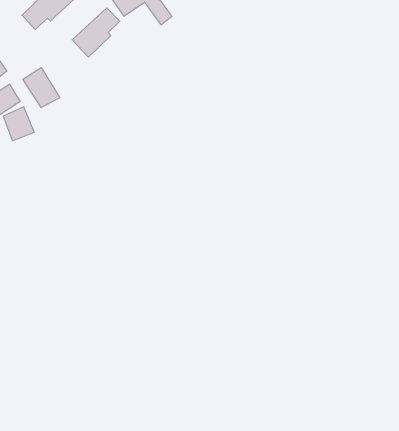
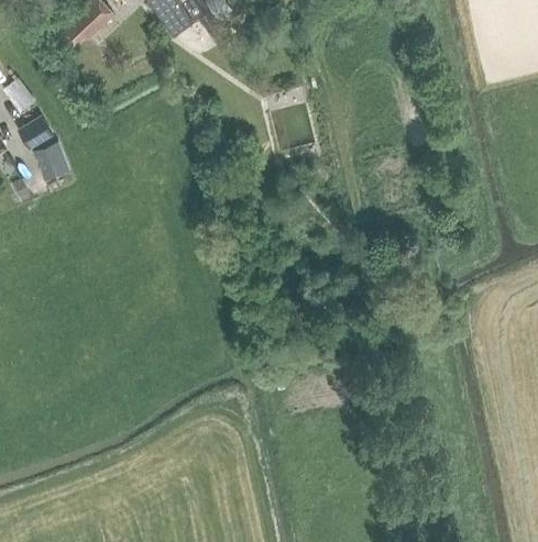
building: [72,8,120,57] -> none
building: [23,68,60,108] -> none

